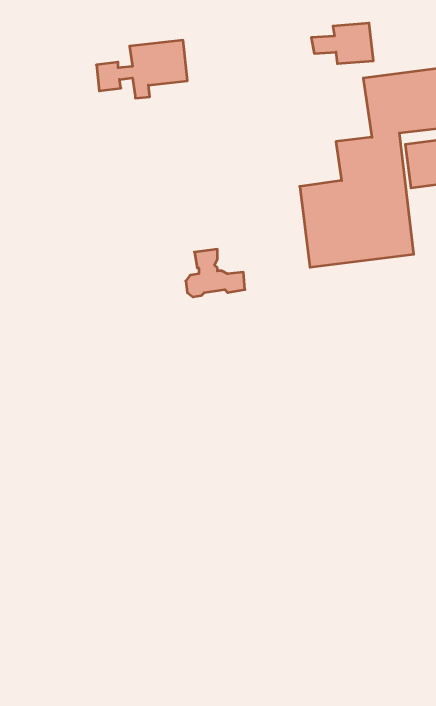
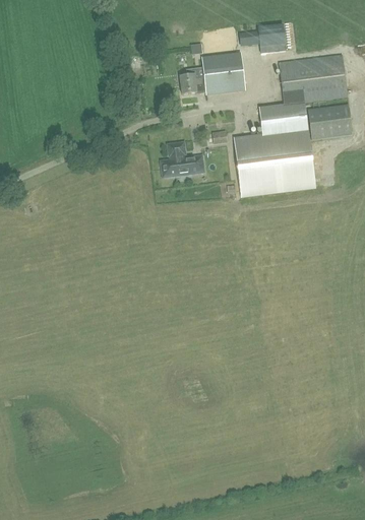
building: [96,40,187,98] -> [179,58,243,99]
building: [186,249,245,297] -> [162,142,203,176]

